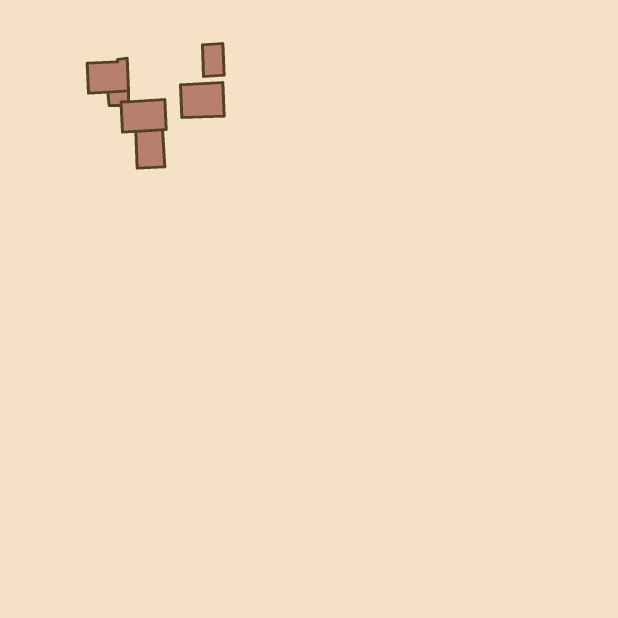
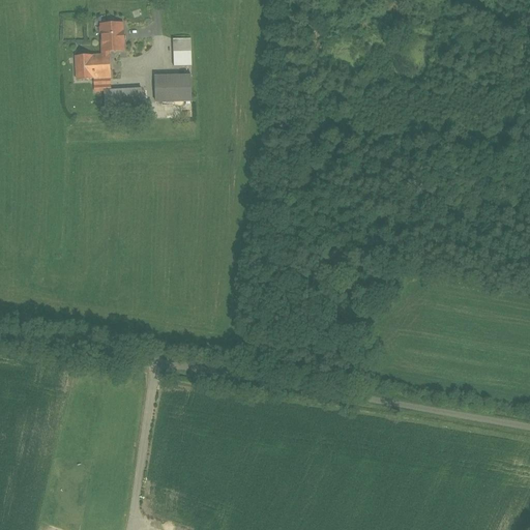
building: none -> [99,21,123,51]
building: [136,130,165,168] -> none

